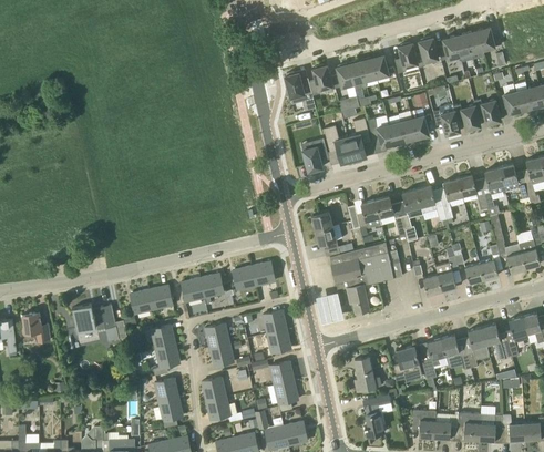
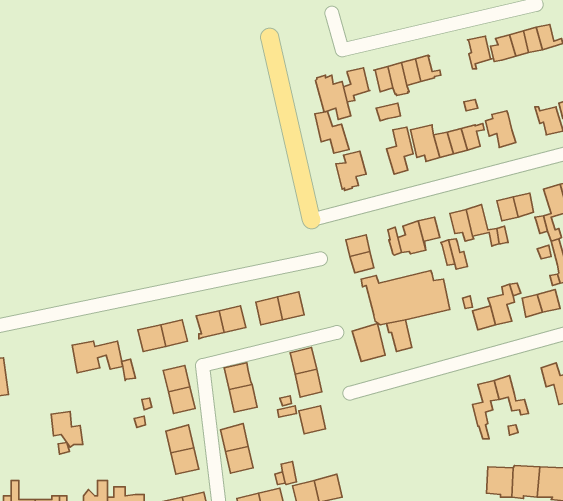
building: [394,43,422,73] -> none
building: [453,100,481,130] -> none
building: [324,125,353,162] -> [315,111,349,153]
building: [22,312,50,343] -> [51,412,83,447]
building: [468,328,489,368] -> none
building: [392,346,419,381] -> none
building: [355,357,374,391] -> none
building: [268,381,298,404] -> none
building: [363,393,390,436] -> none
building: [412,411,435,438] -> none

